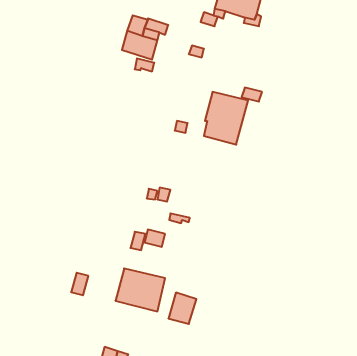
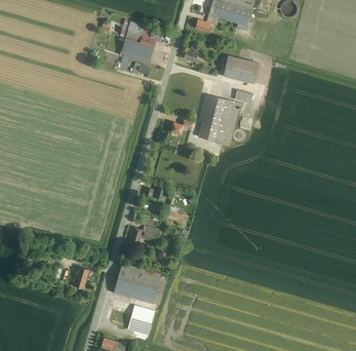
building: none -> [223,55,259,82]
building: [168,293,196,324] -> [127,305,154,335]

